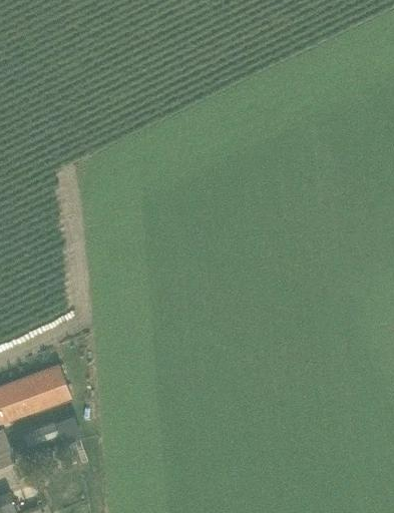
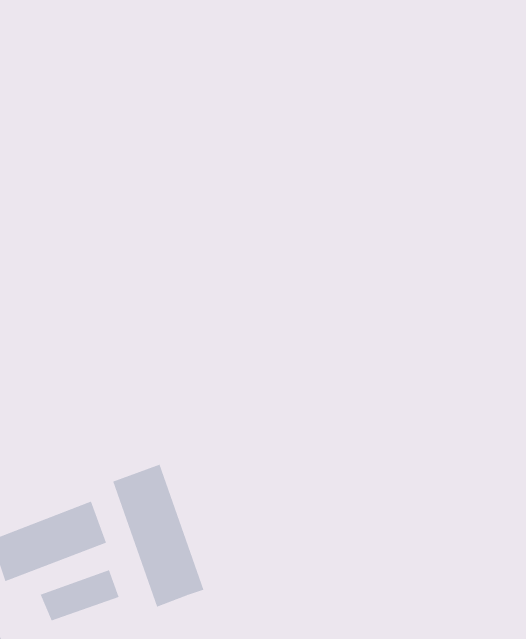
building: none -> [113,464,204,607]

